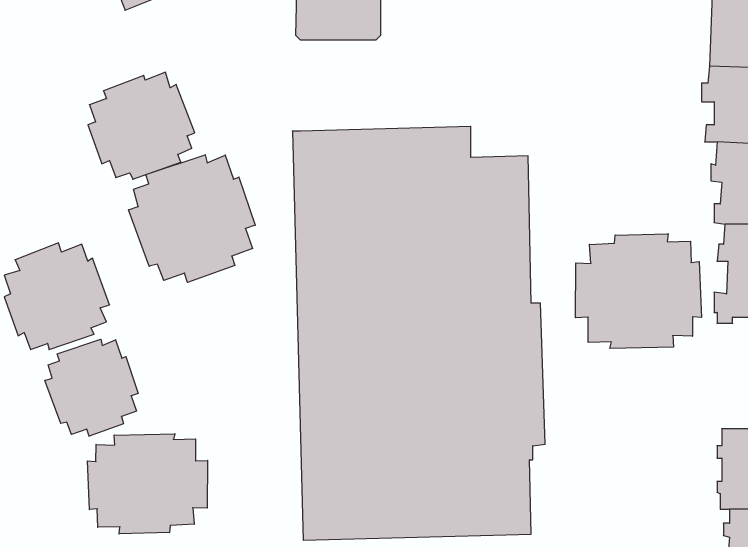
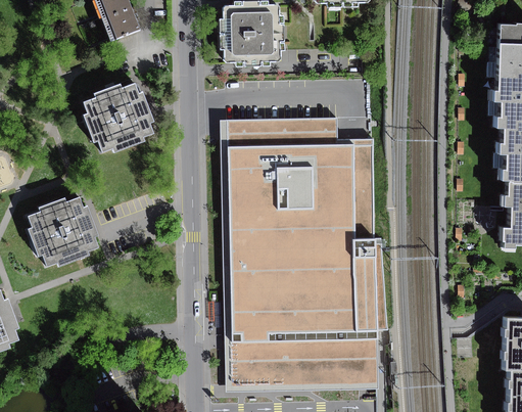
building: [129,155,255,282] -> none
building: [576,234,701,348] -> none
building: [45,339,138,436] -> none
building: [87,434,208,534] -> none

